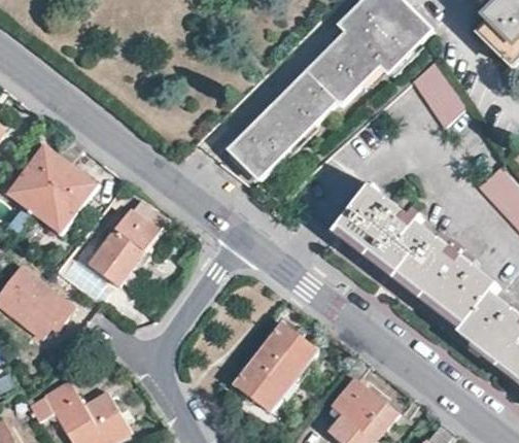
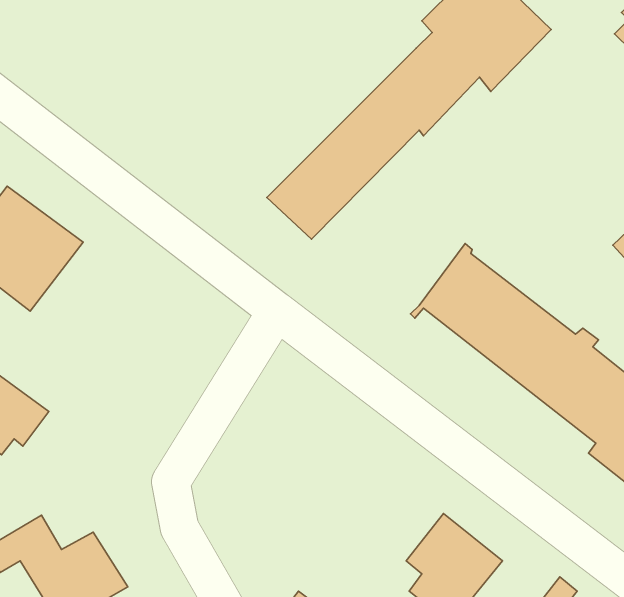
building: [410,60,464,126] -> none
building: [88,197,165,286] -> none
building: [233,322,316,412] -> none

